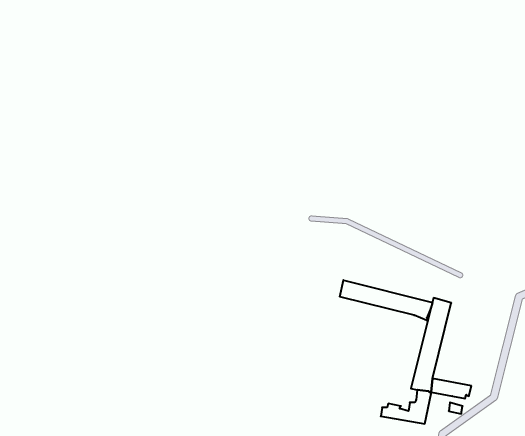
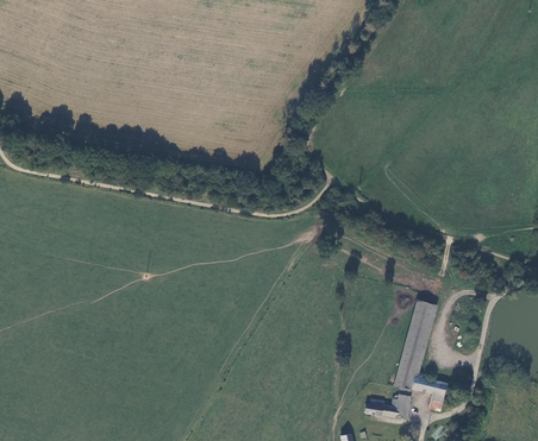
building: [340,280,432,321] -> none

